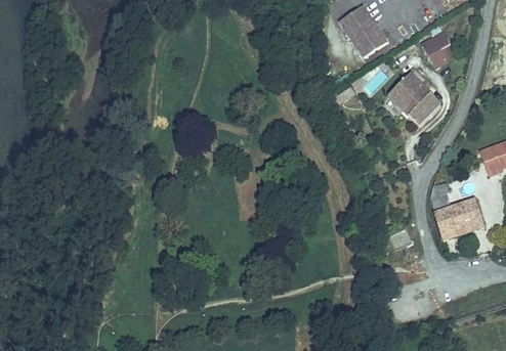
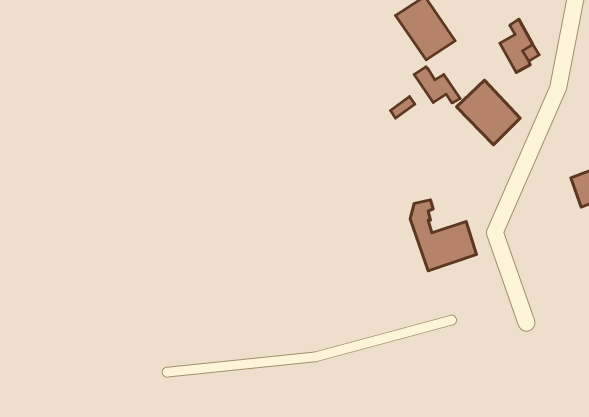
building: none -> [414,67,460,103]
building: [430,181,483,238] -> [410,200,476,271]

